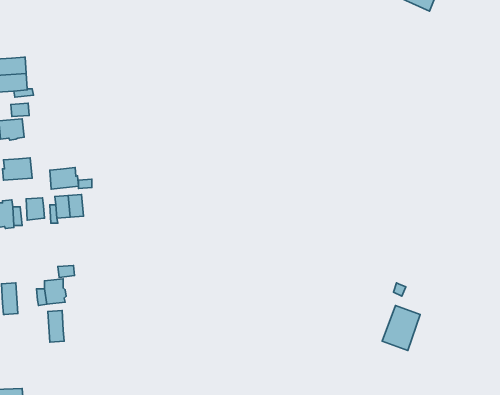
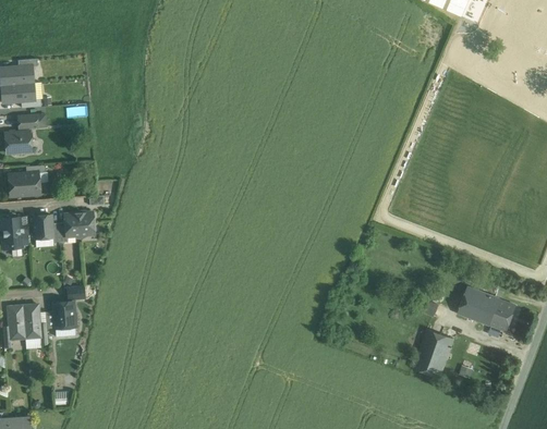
building: [50,168,78,189] -> none
building: none -> [459,289,516,331]
building: [48,311,64,342] -> [23,304,40,338]

